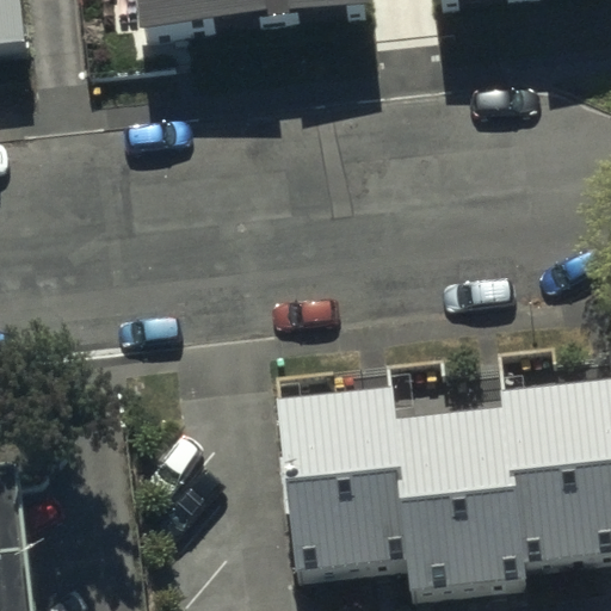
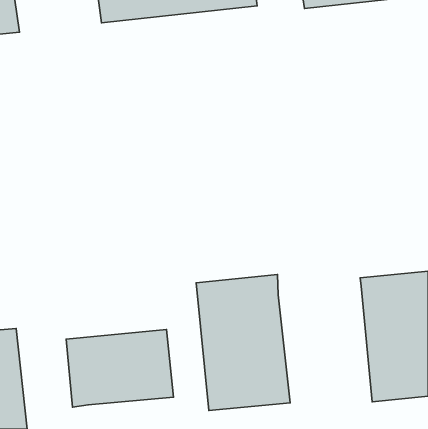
building: [393,405,529,599] -> none
building: none -> [66,329,173,407]

